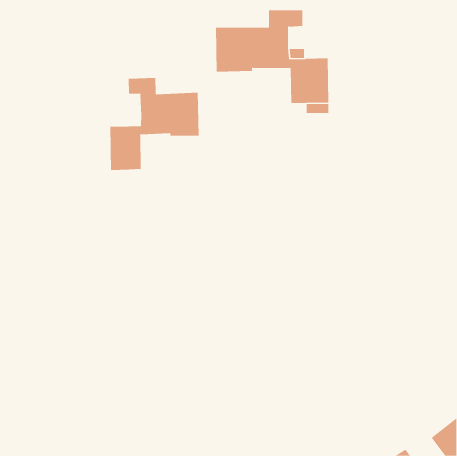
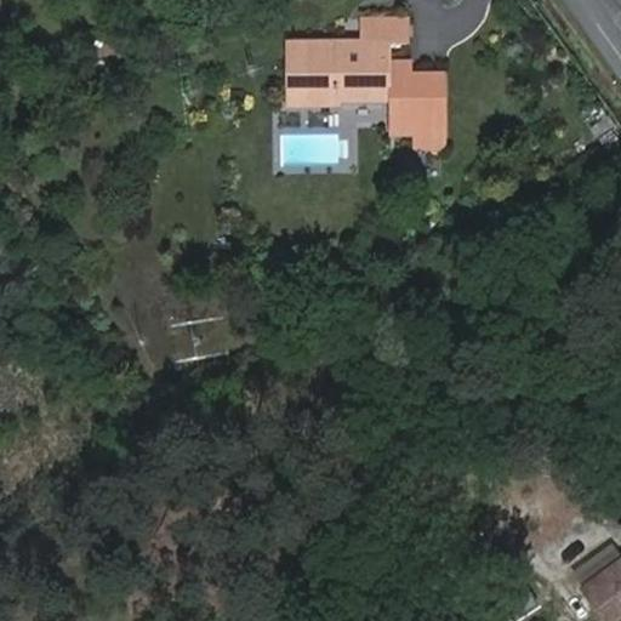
building: [110,77,199,171] -> none

